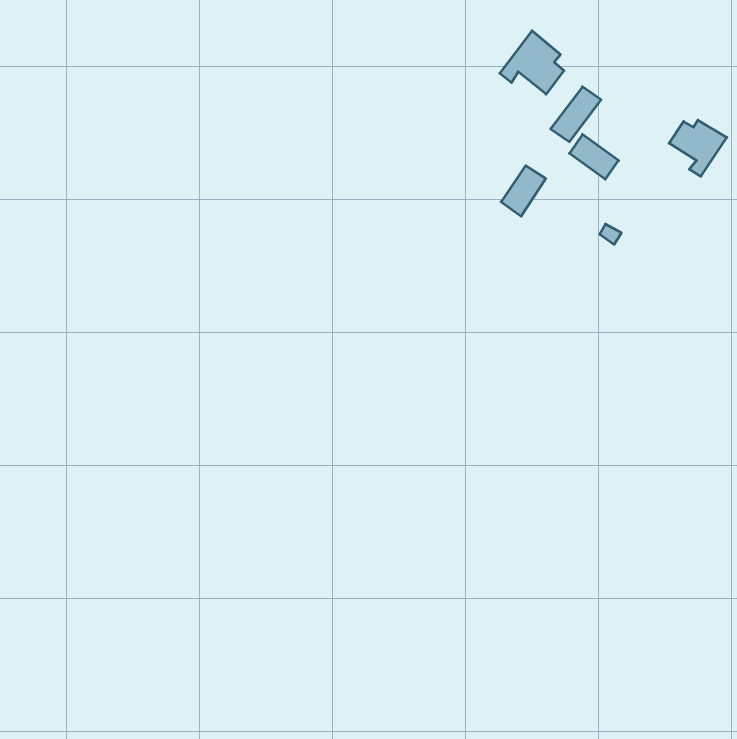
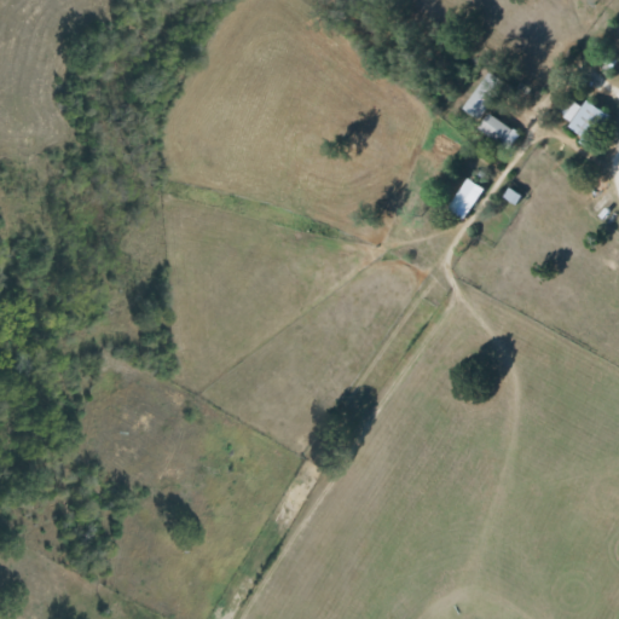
building: [500,31,564,94] -> none
building: [501,166,546,216] -> [446,178,484,220]

